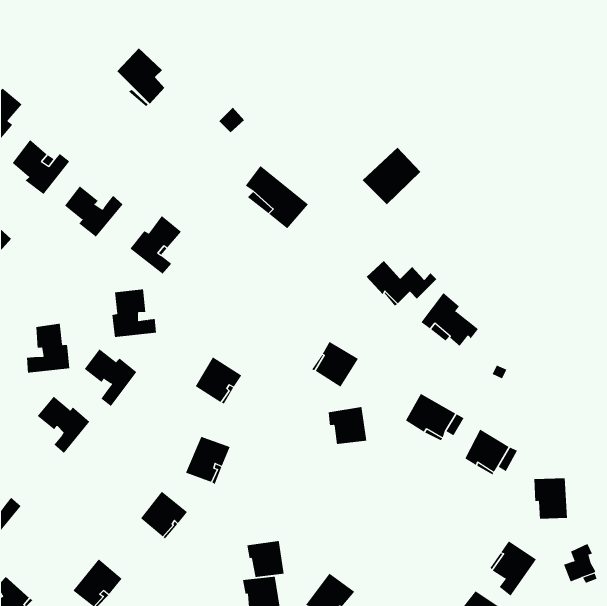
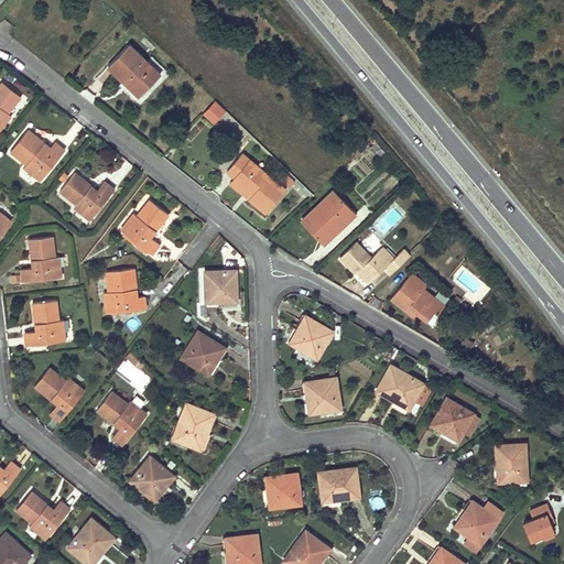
building: [362,147,421,205] -> [301,192,356,246]
building: none -> [21,237,61,283]
building: none -> [204,271,236,303]
building: [84,348,137,407] -> [97,392,147,446]
building: none -> [318,468,359,501]
building: none -> [15,491,70,540]
building: [246,541,284,577] -> [264,474,300,508]

